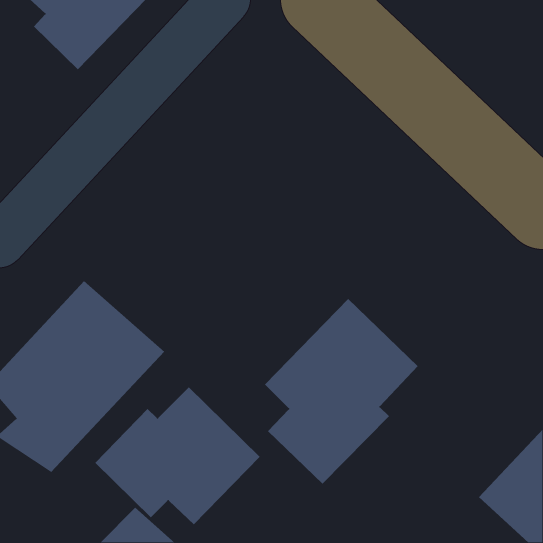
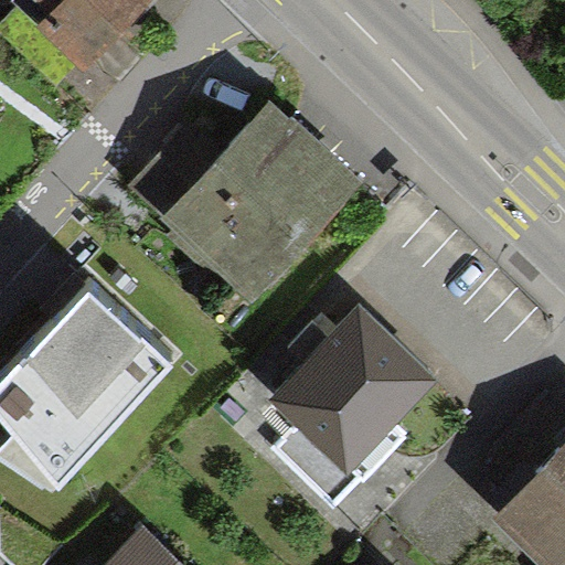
building: none -> [129,98,364,307]
building: [95,387,261,525] -> none

